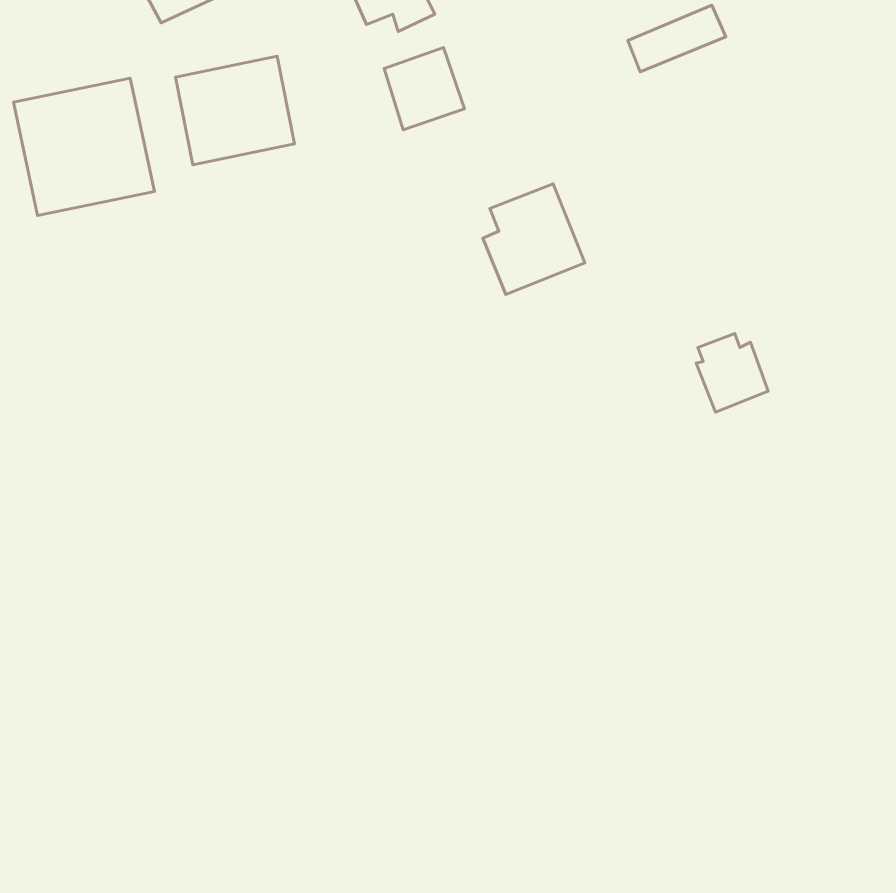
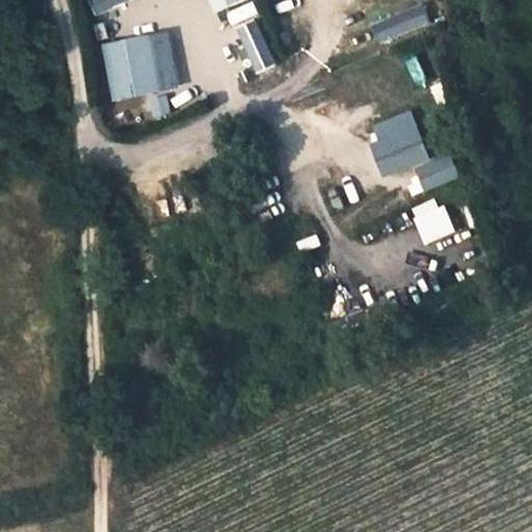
building: [13,78,154,216] -> none
building: [483,184,585,294] -> [369,110,429,176]
building: none -> [416,155,457,190]

